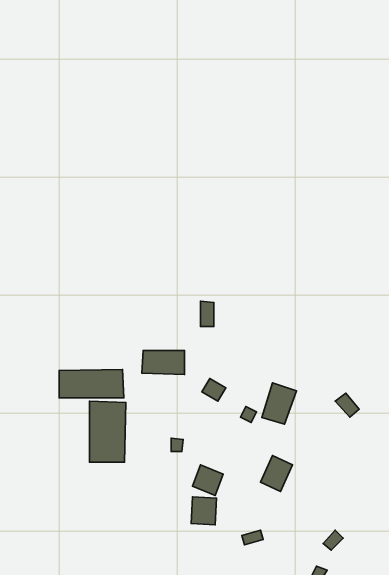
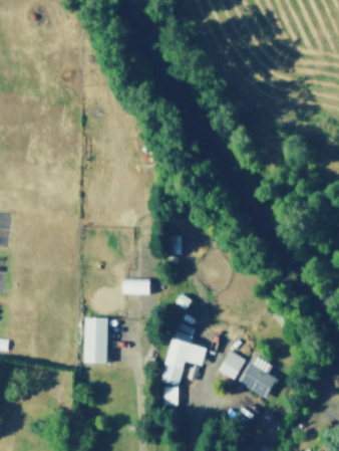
building: [59,369,124,398] -> none
building: [262,383,297,424] -> [171,333,197,365]
building: none -> [237,363,275,397]

